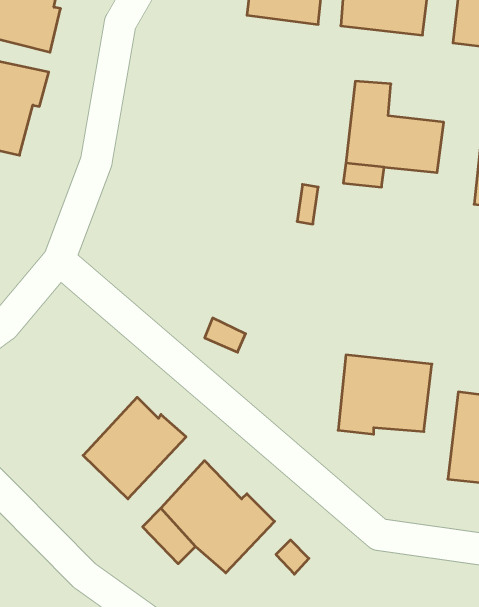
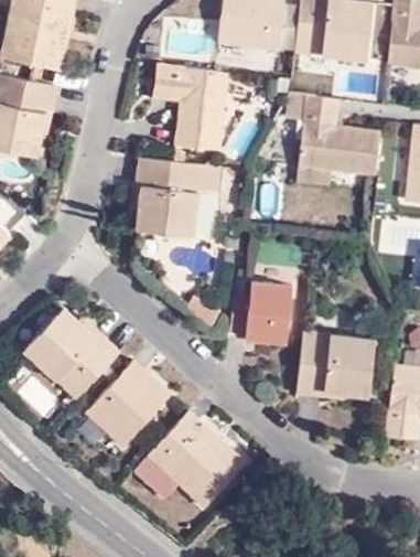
building: none -> [153,65,230,152]
building: none -> [136,159,216,237]
building: none -> [227,281,289,340]
building: none -> [24,306,119,398]

